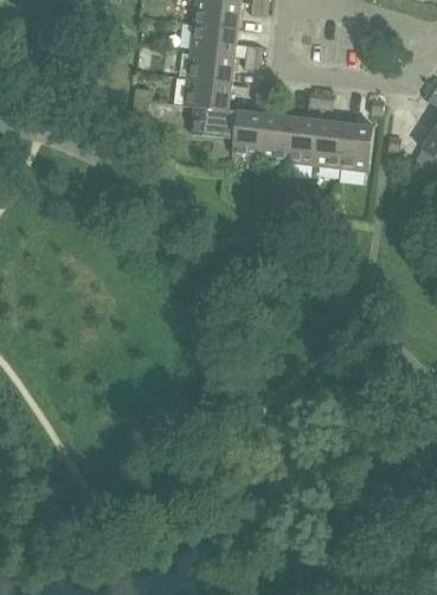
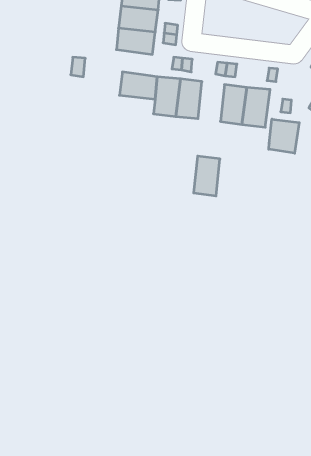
building: [184,76,231,108] -> none
building: [287,115,319,164] -> [194,156,220,196]
building: none -> [269,119,299,153]

